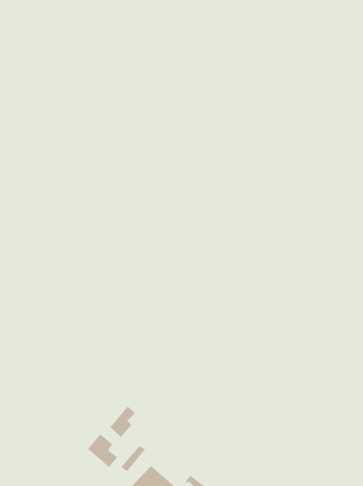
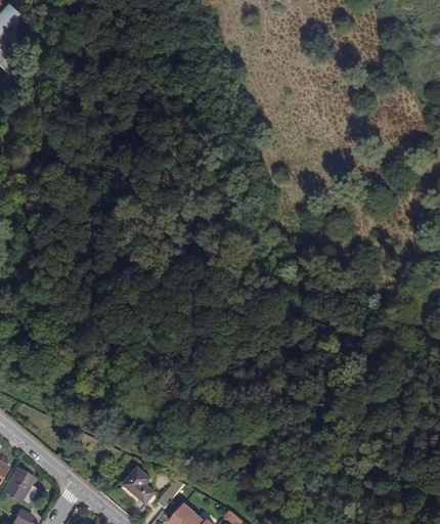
building: [109,405,136,438] -> none

